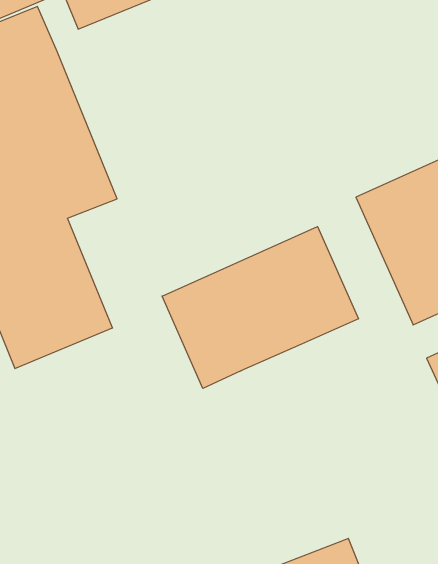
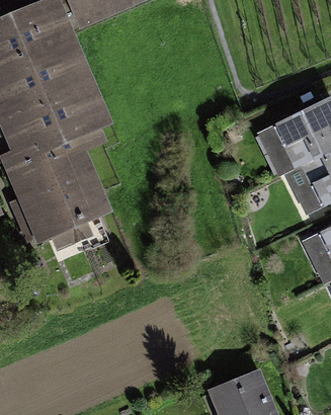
building: [162,227,358,388] -> none

